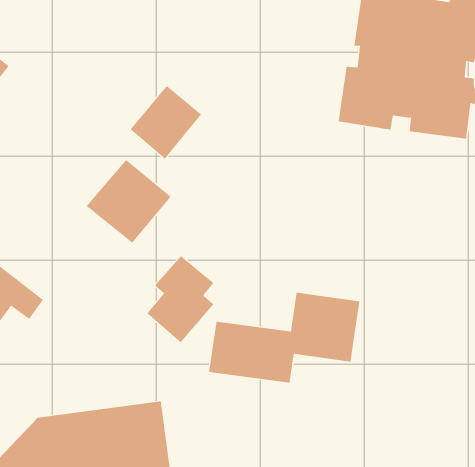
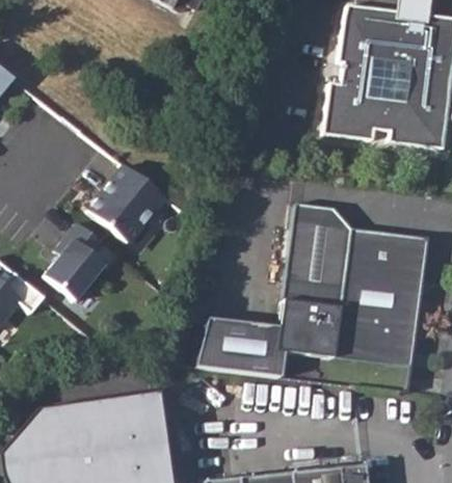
building: [130,85,202,160] -> none
building: none -> [283,199,429,367]
building: [147,256,214,343] -> [44,221,107,303]

